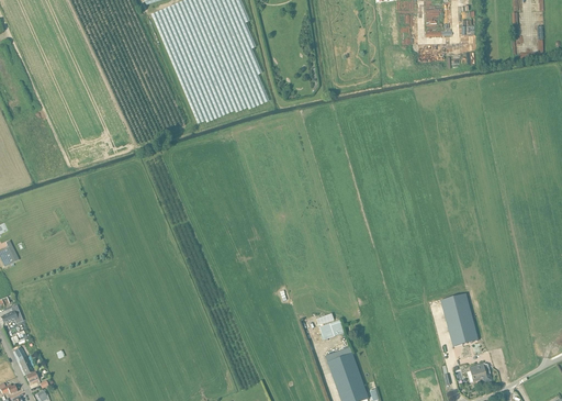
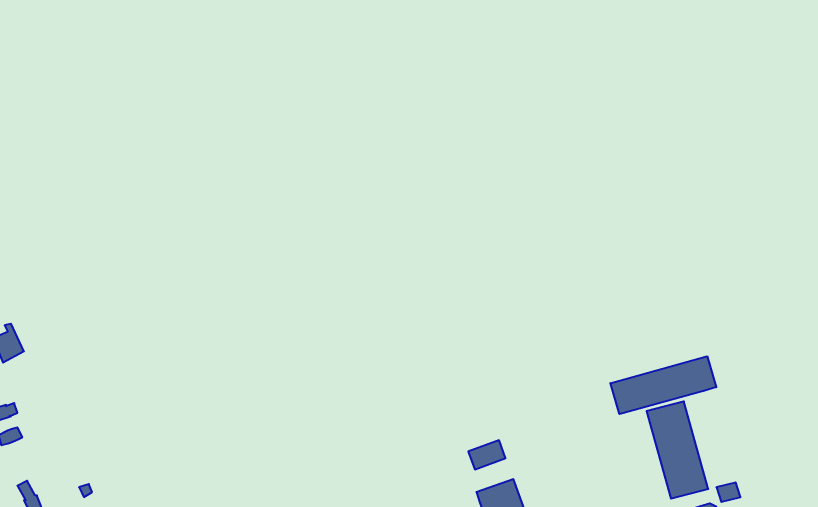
building: none -> [610,356,716,414]

